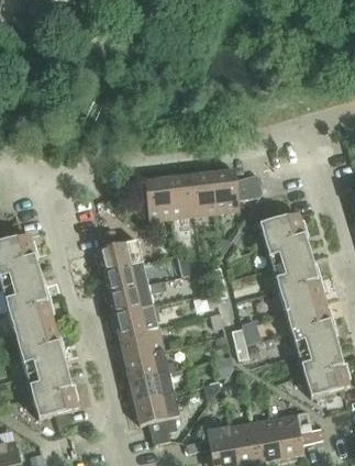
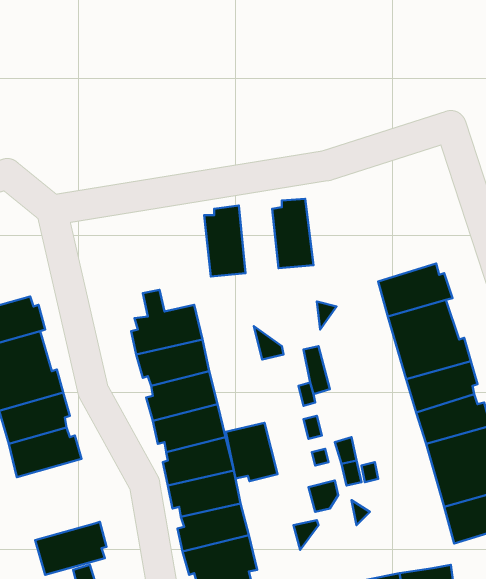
building: [211,166,262,212] -> none
building: [167,171,193,218] -> none
building: none -> [226,423,278,481]
building: [20,341,71,395] -> none

